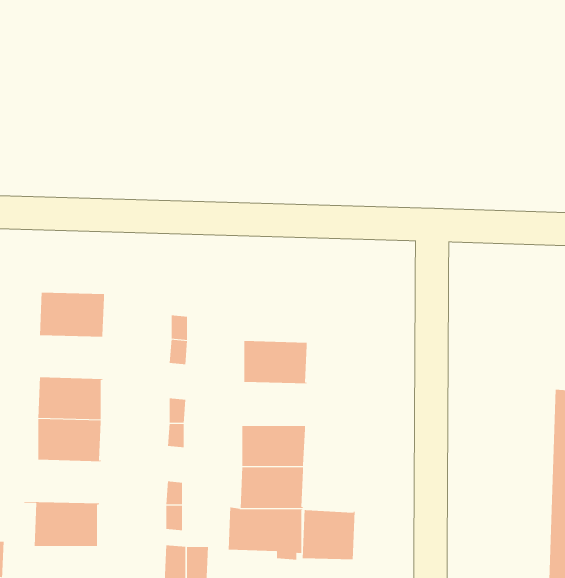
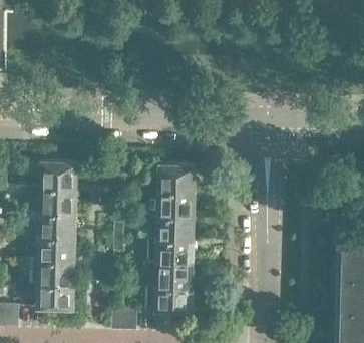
building: none -> [157,177,196,203]
building: none -> [39,199,76,224]
building: none -> [156,226,195,251]
building: none -> [28,271,75,296]
building: [302,509,355,560] -> none

